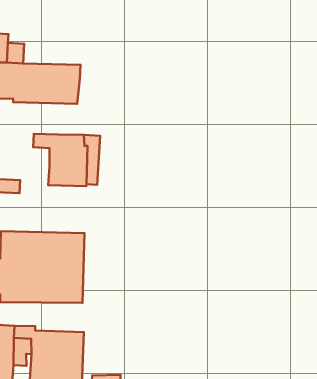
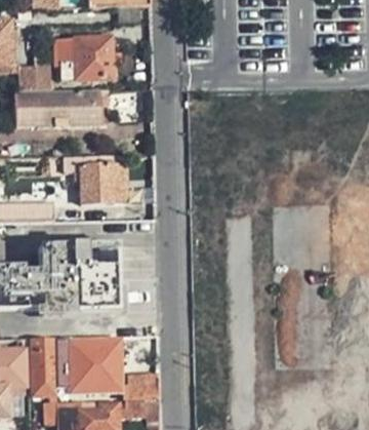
building: none -> [52,36,111,80]

